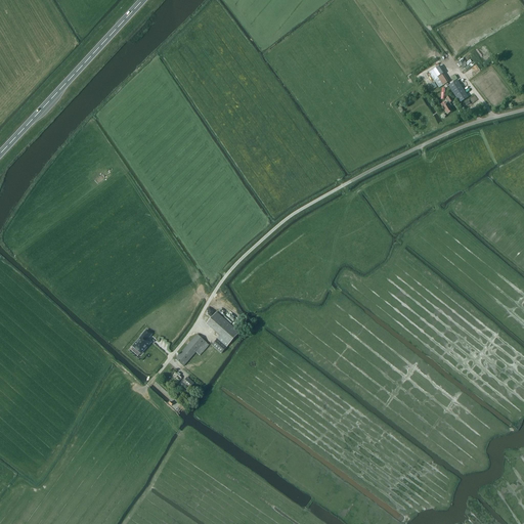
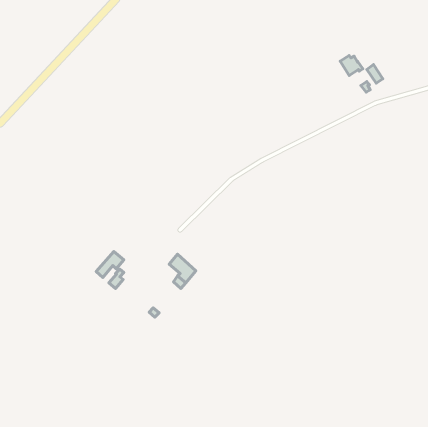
building: [175,333,209,364] -> [96,251,124,277]

